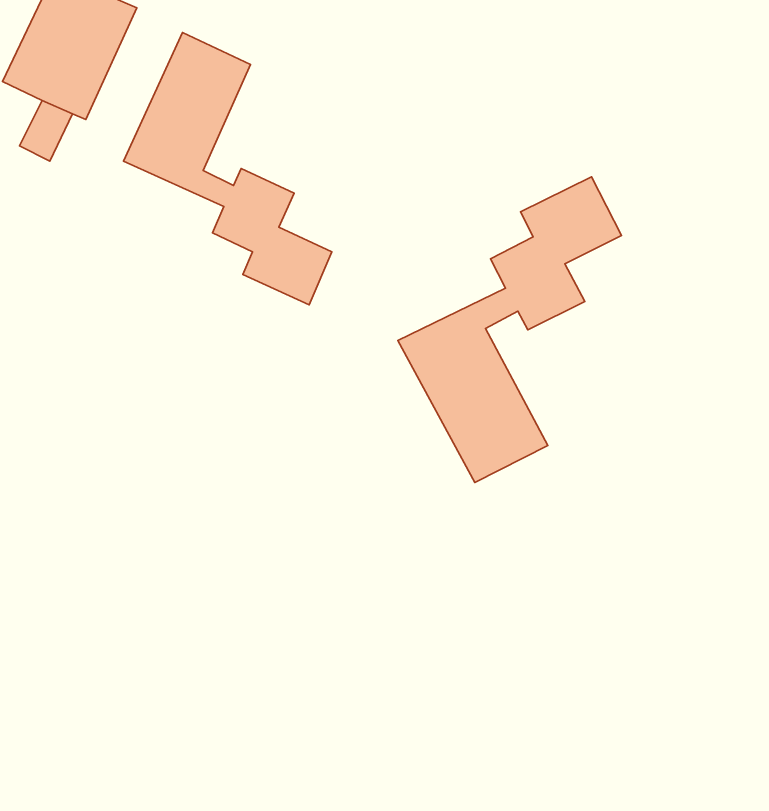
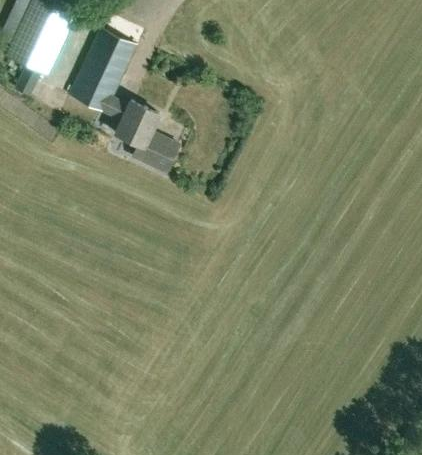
building: [398,177,622,483] -> none

